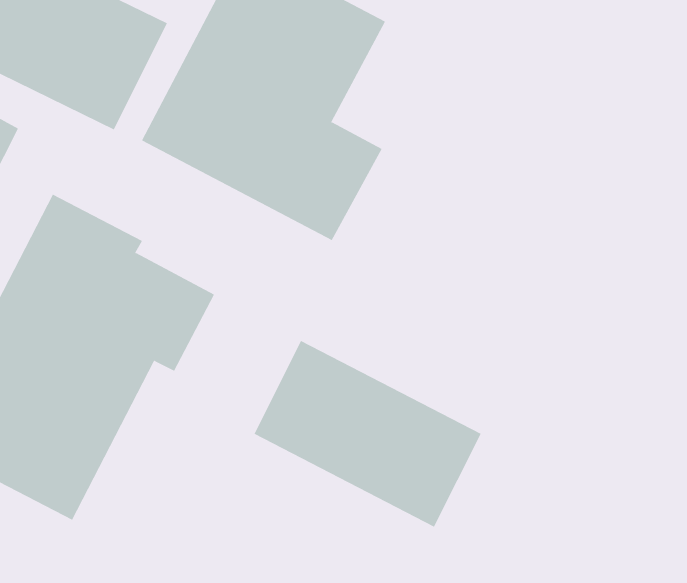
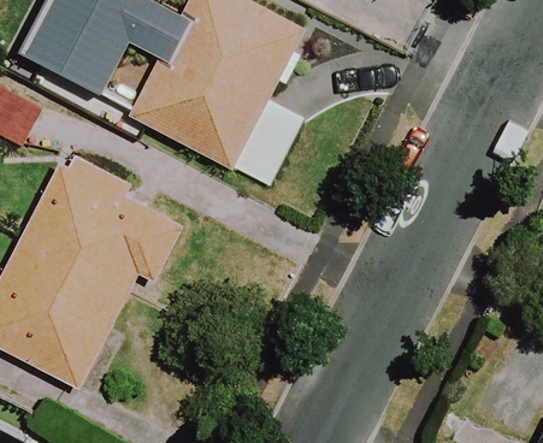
building: [254,340,481,527] -> none

